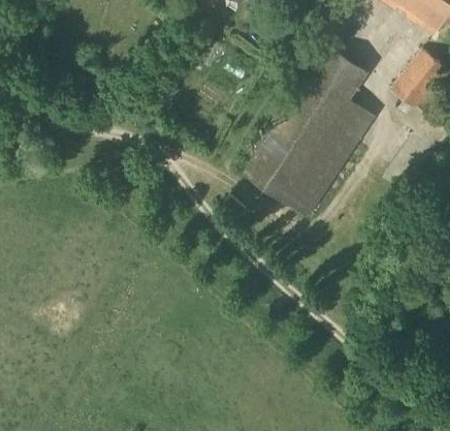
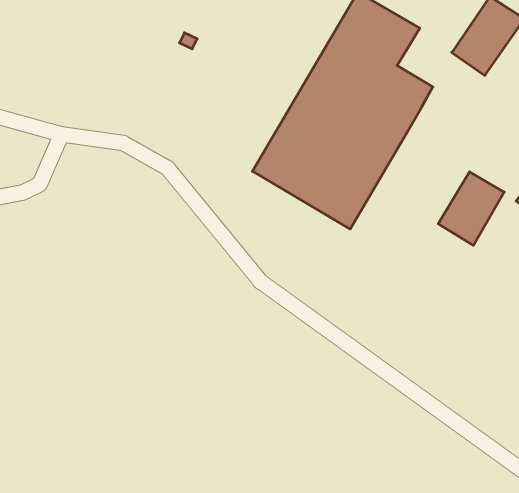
building: none -> [438,172,504,245]

